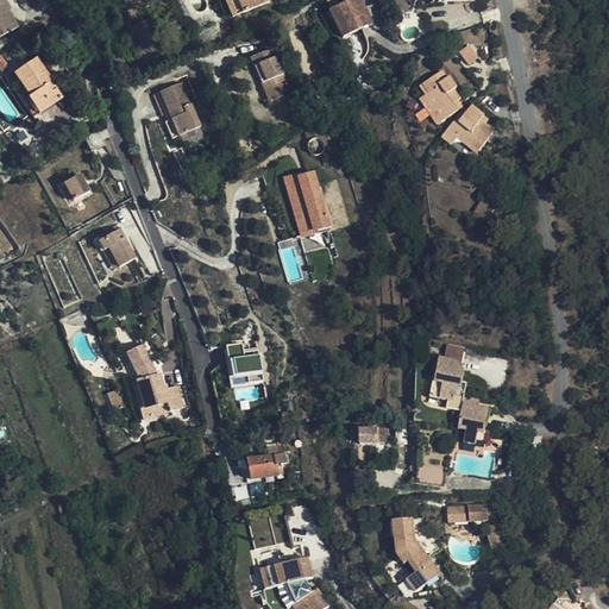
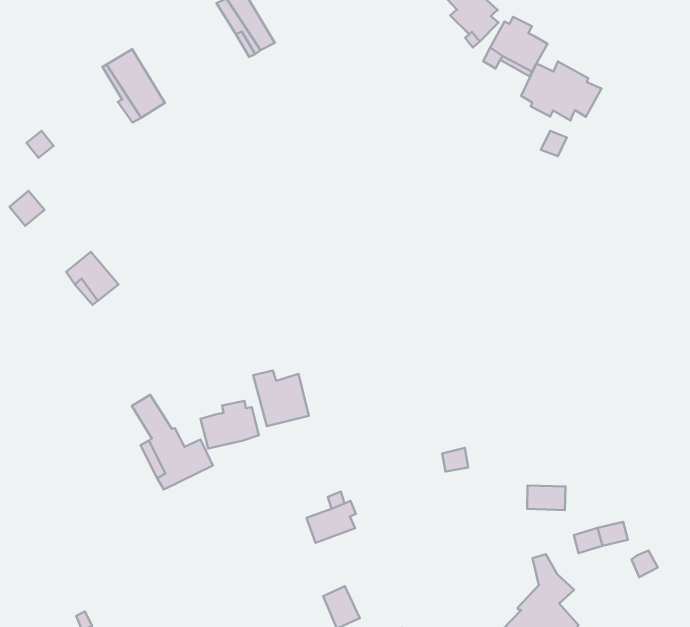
building: none -> [521,61,602,120]
building: [283,165,332,233] -> none
building: [432,357,489,442] -> none
building: none -> [200,401,259,449]
building: [394,519,415,554] -> none

